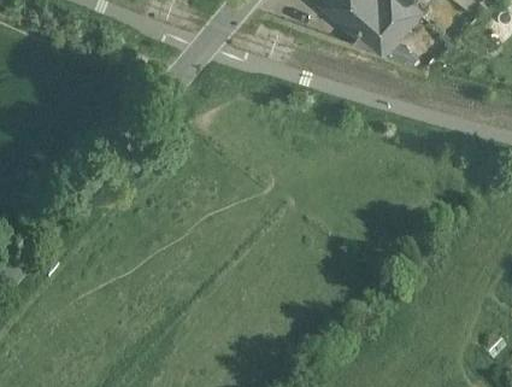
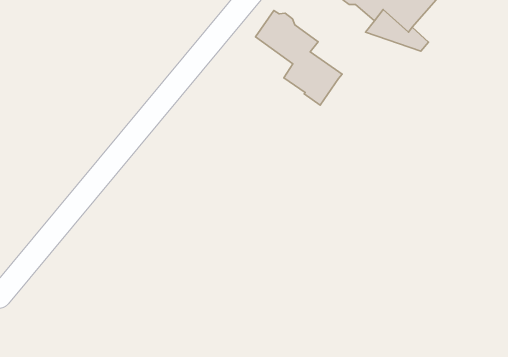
building: none -> [256,10,342,105]

